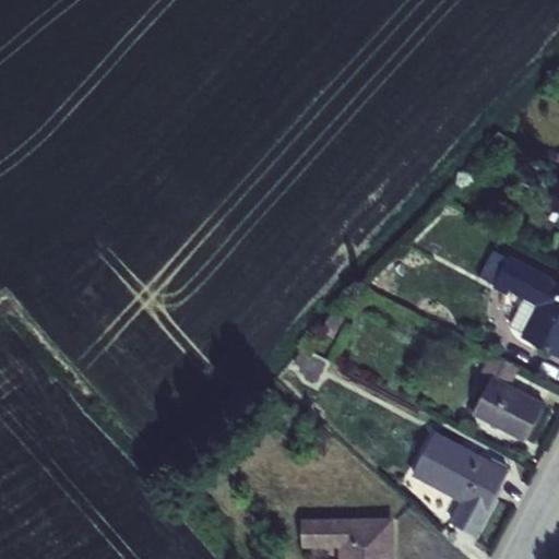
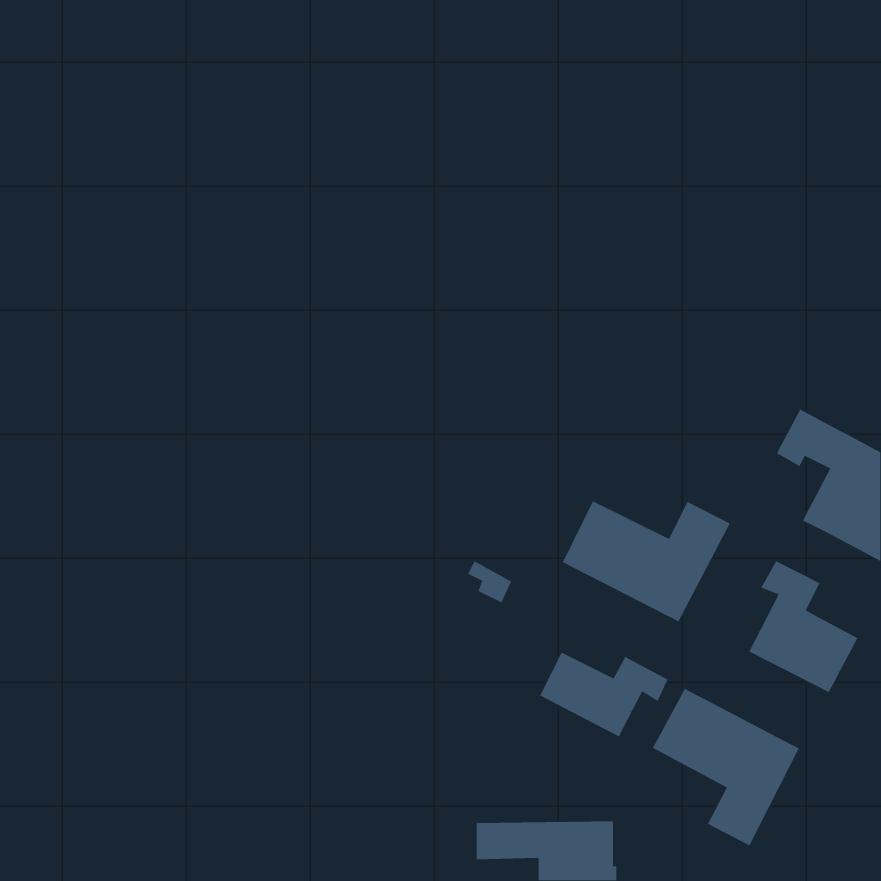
building: none -> [562,500,731,622]
building: none -> [539,651,669,738]

